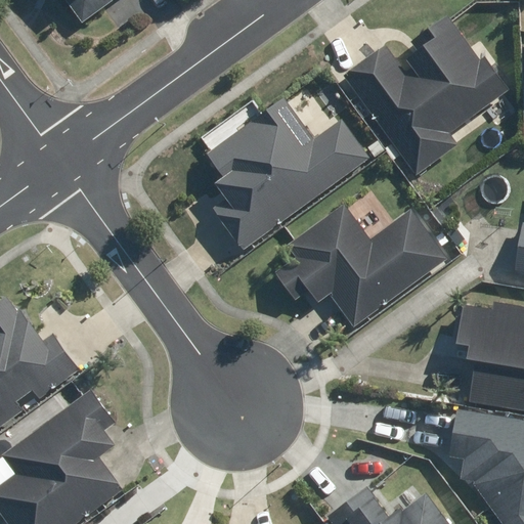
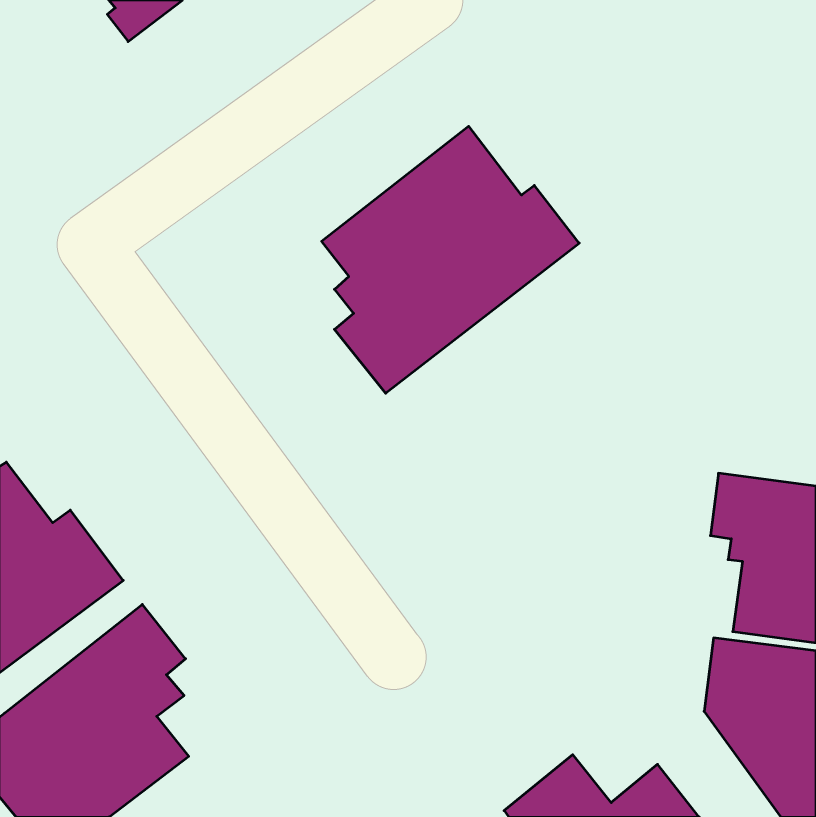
building: [350,11,507,179] -> none
building: [273,203,451,334] -> none

